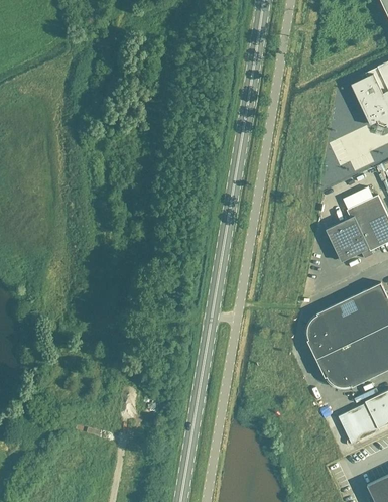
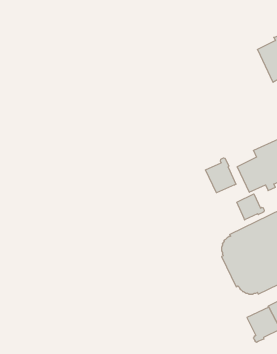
building: none -> [206,158,236,193]
building: none -> [237,194,264,220]

